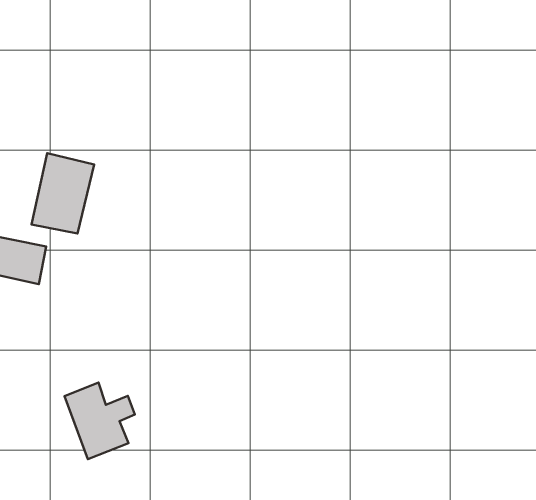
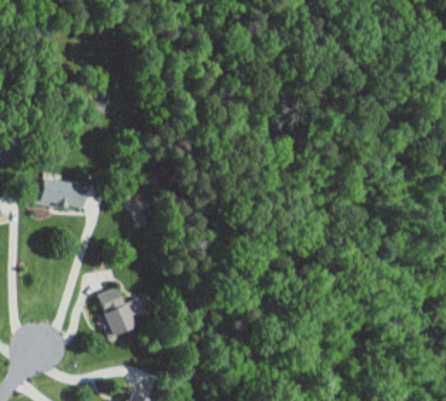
building: [31,153,94,233] -> none

